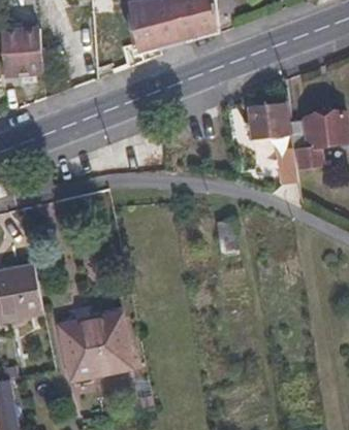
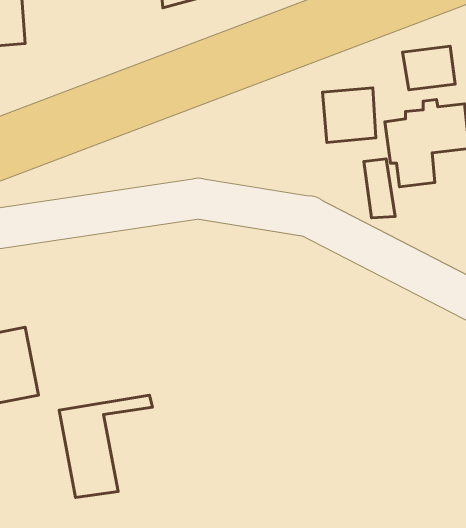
building: none -> [403,46,455,90]
building: [93,325,138,384] -> none

